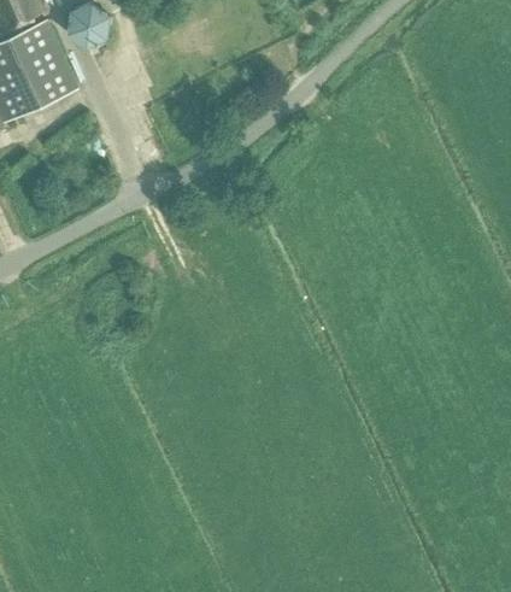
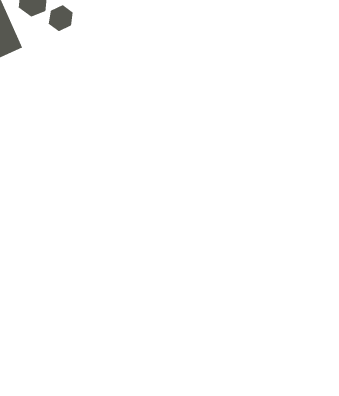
building: none -> [48,4,73,32]

